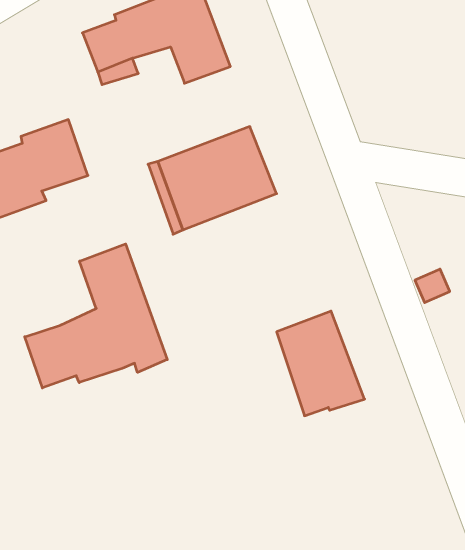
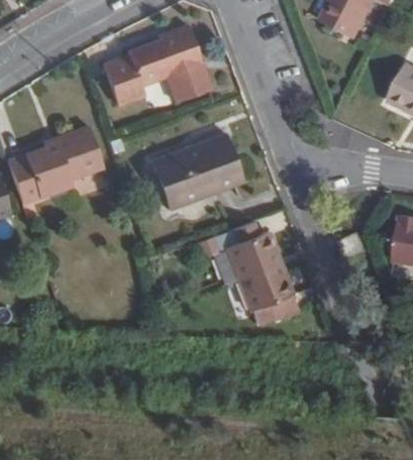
building: [25,244,167,388] -> none
building: none -> [215,221,279,279]

